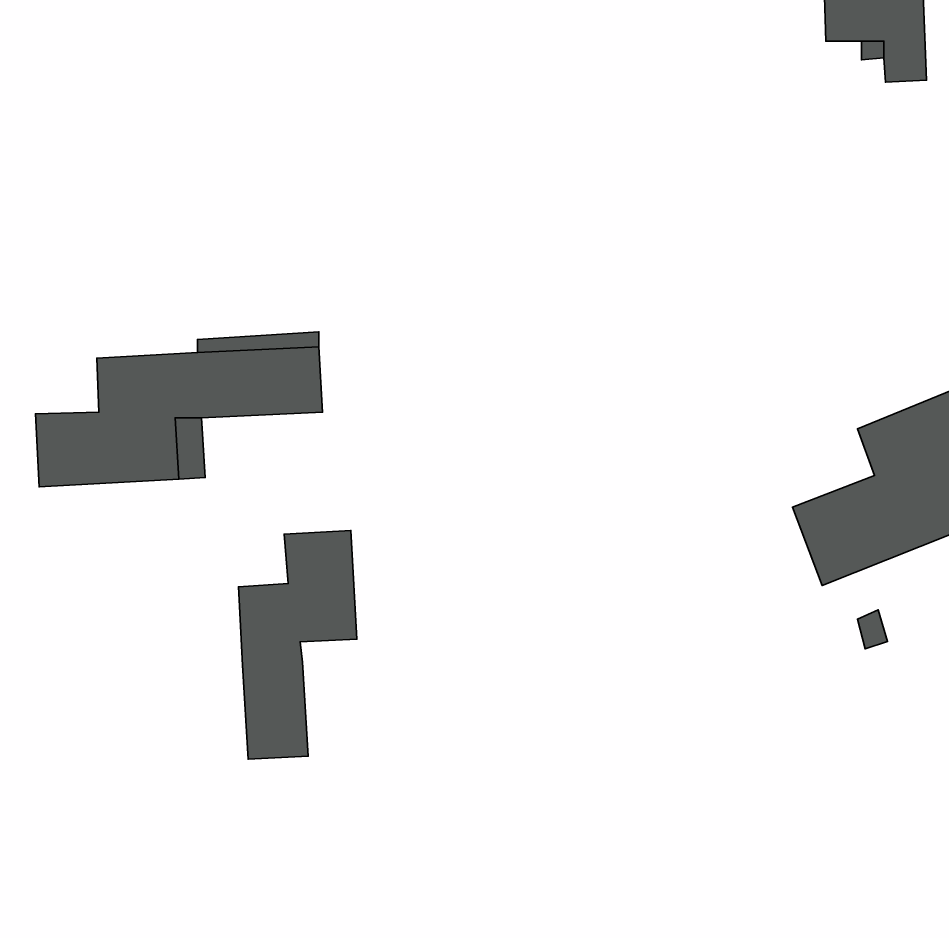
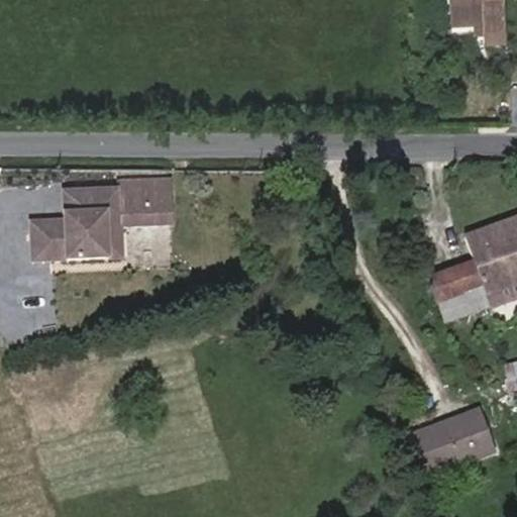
building: [238,531,357,759] -> none
building: none -> [421,393,508,473]

